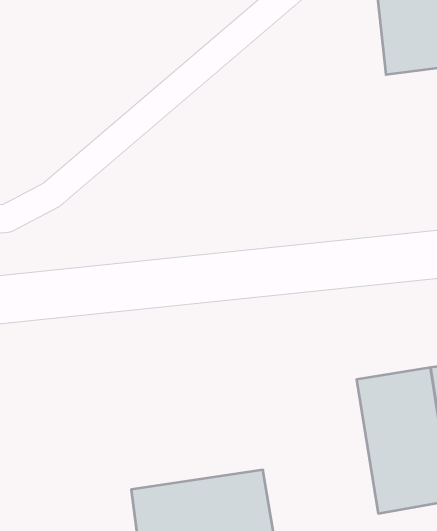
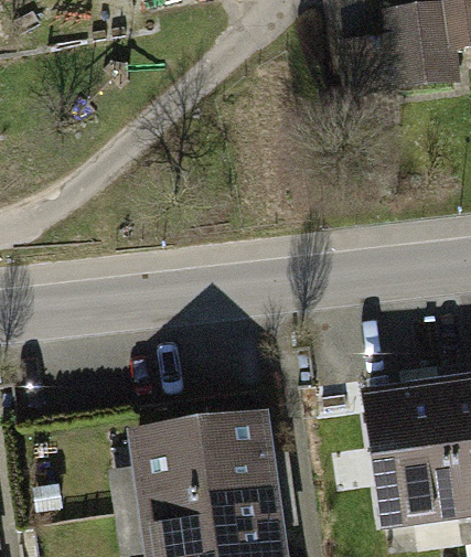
building: none -> [133,415,275,504]

